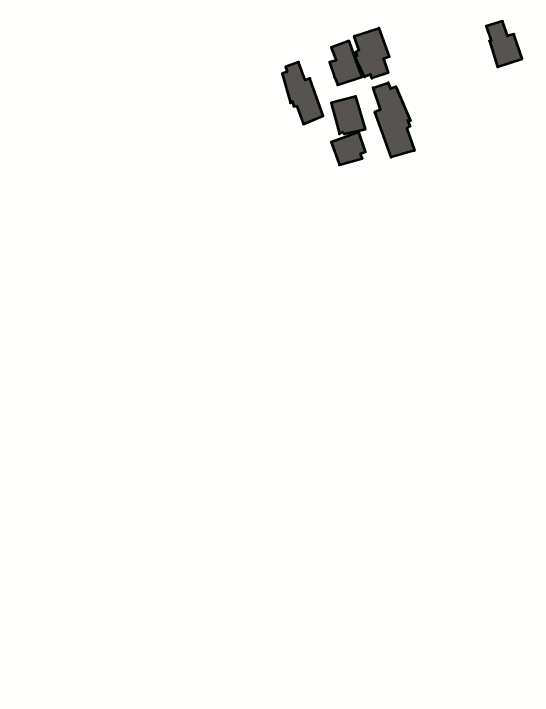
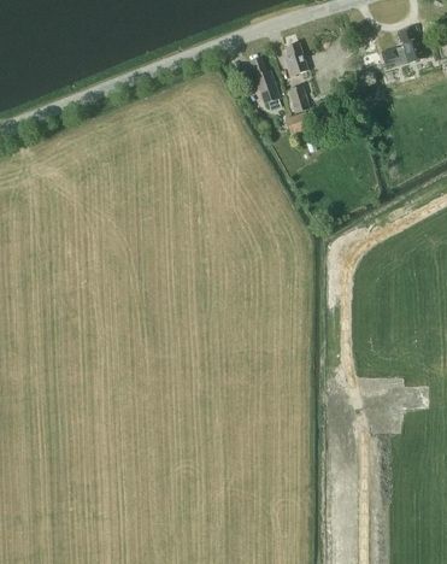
building: [354,28,389,78] -> none
building: [373,83,414,157] -> none

